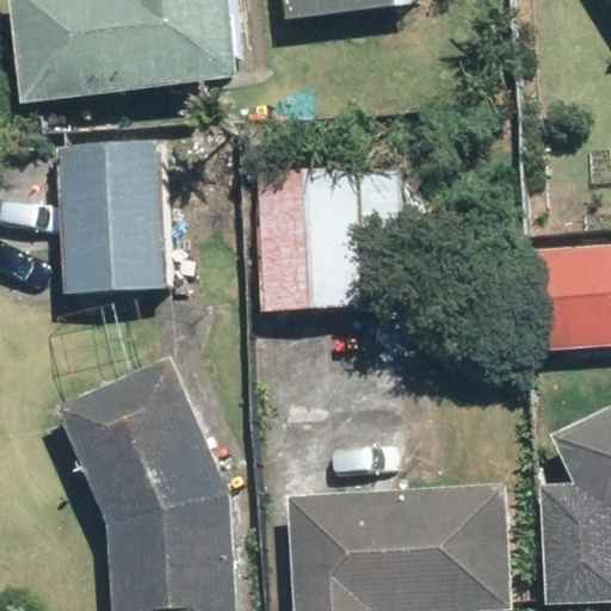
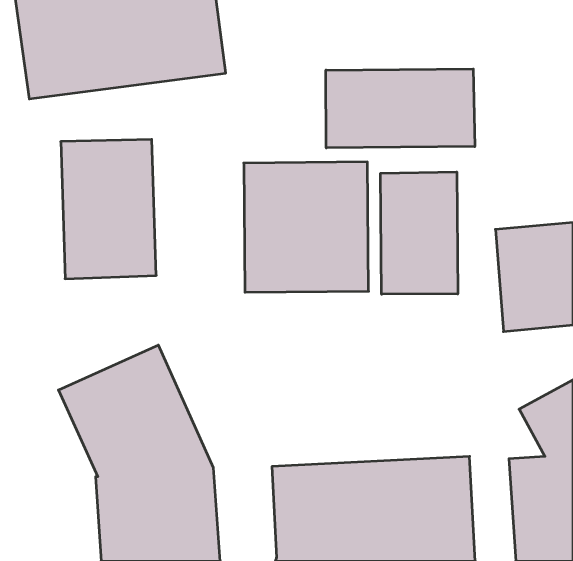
building: none -> [326,69,475,148]
building: none -> [381,172,458,294]

